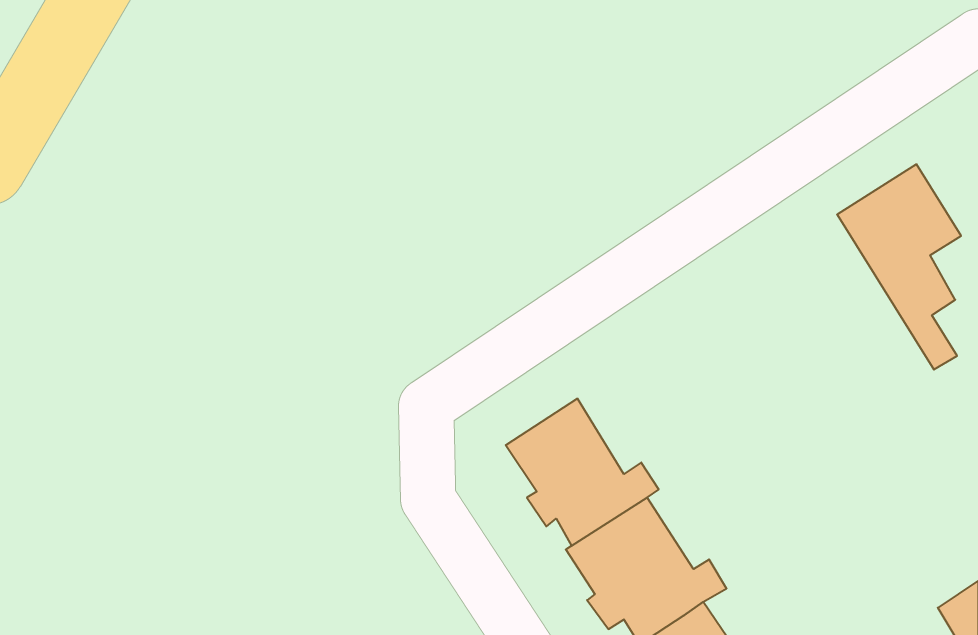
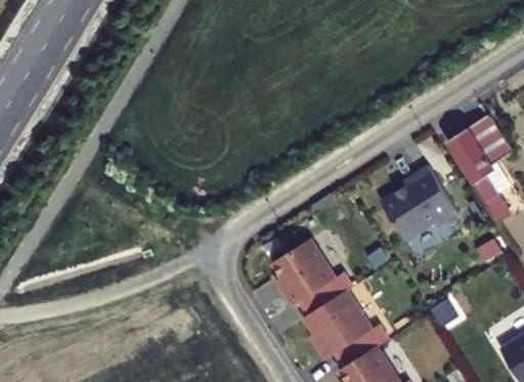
building: none -> [381,167,457,242]

